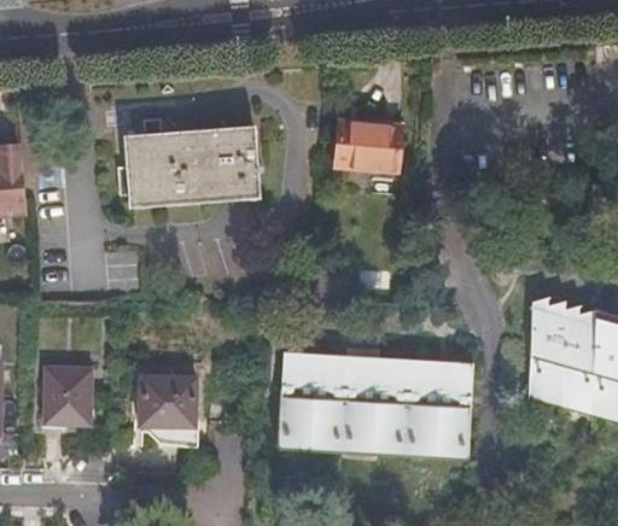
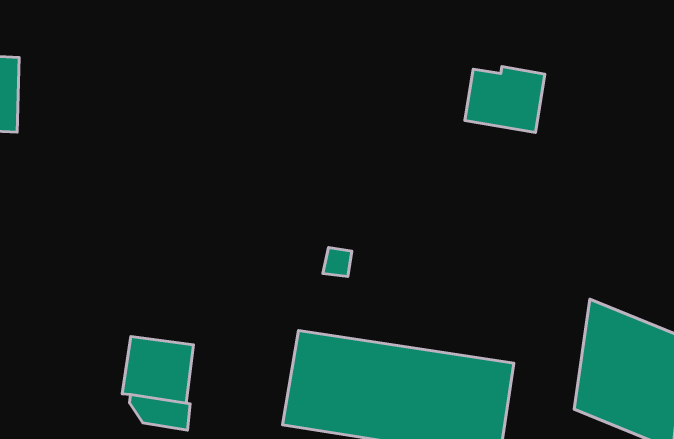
building: [336,116,400,169] -> [465,67,545,132]
building: [122,124,256,209] -> none
building: [47,370,94,425] -> none

